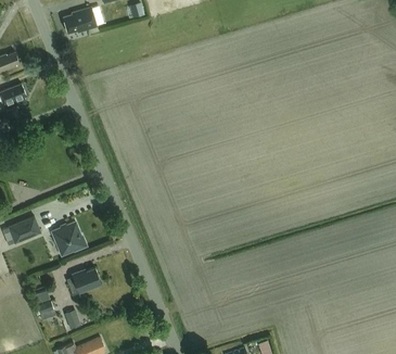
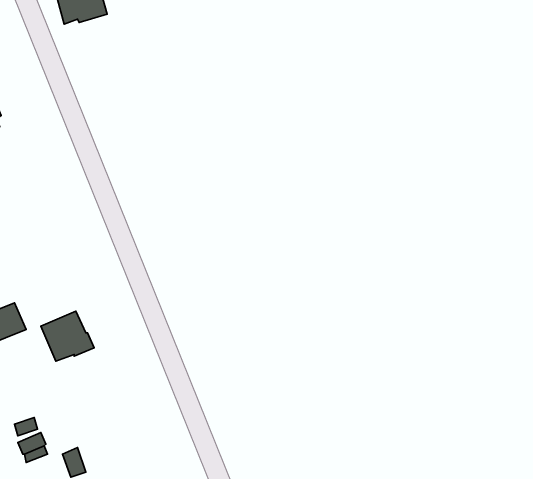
building: [66,267,98,295] -> none

